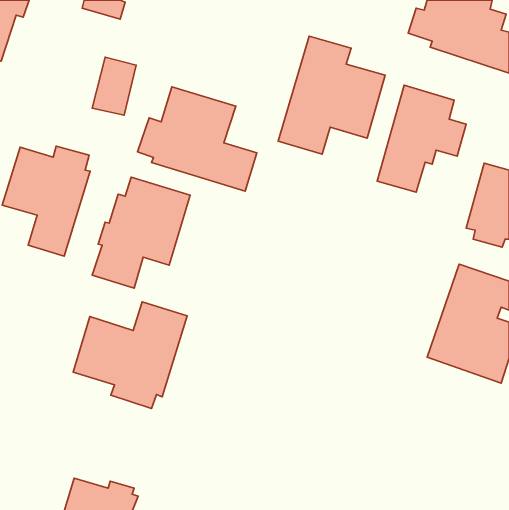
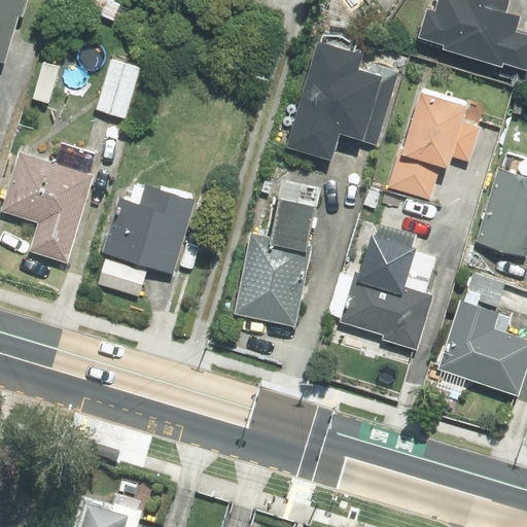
building: [138,87,257,191] -> none
building: none -> [234,161,320,328]
building: none -> [341,236,432,351]
building: [73,302,187,409] -> none

